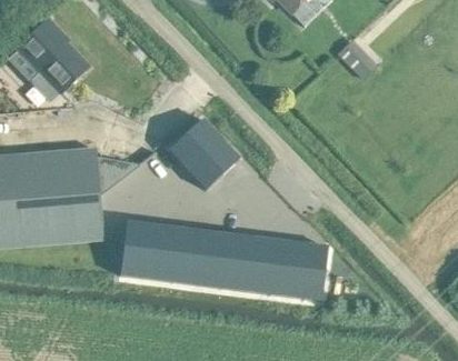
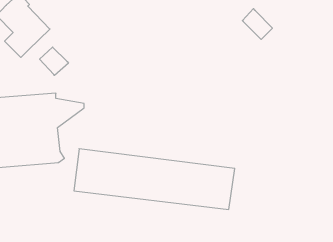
building: none -> [40,47,68,75]
building: [169,119,240,190] -> none

